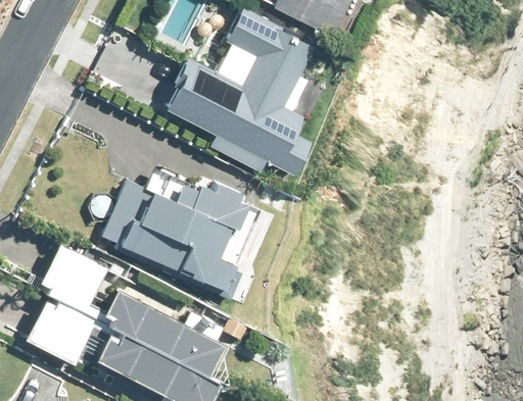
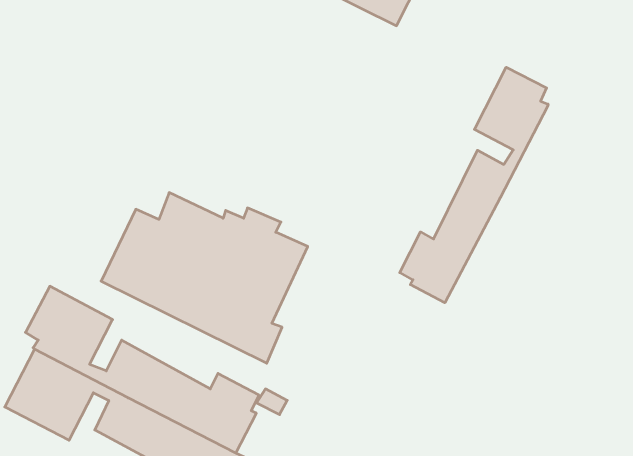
building: [168,18,322,188] -> none
building: none -> [400,67,548,303]

